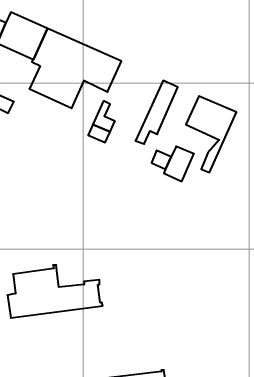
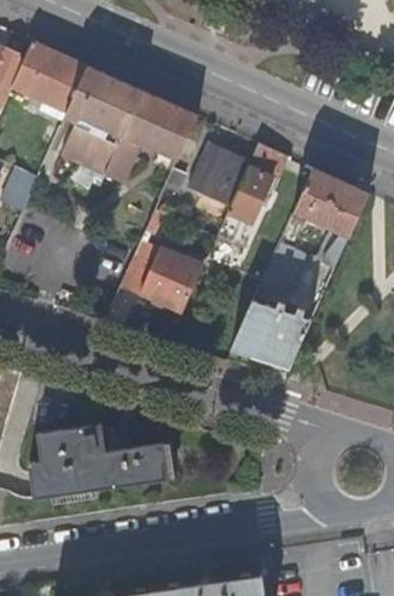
building: none -> [185,147,244,207]
building: none -> [122,239,202,309]
building: none -> [231,299,312,368]

